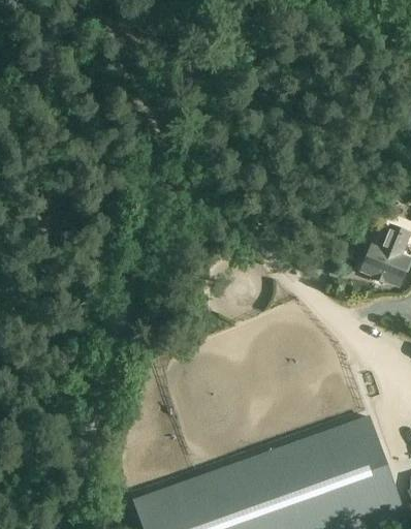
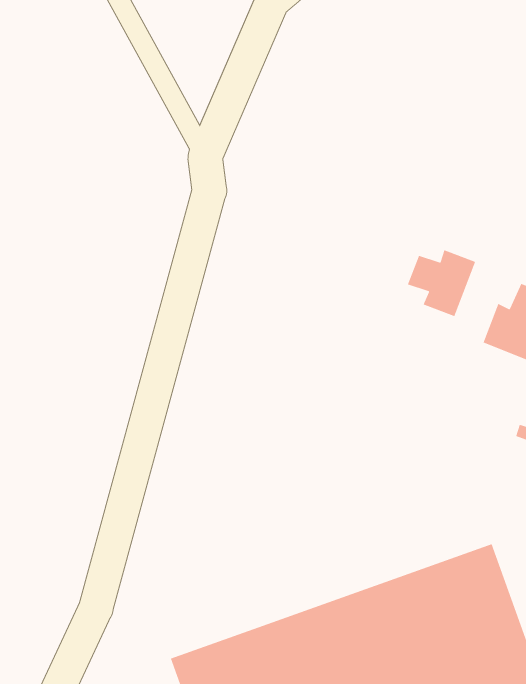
building: none -> [407,249,476,317]

